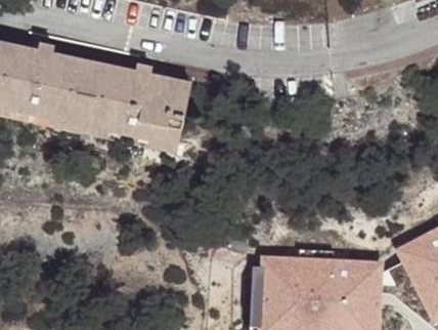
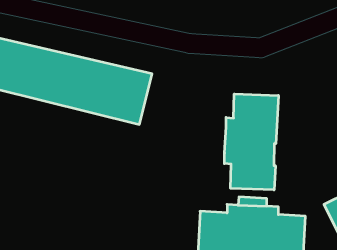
building: none -> [224,94,278,190]

